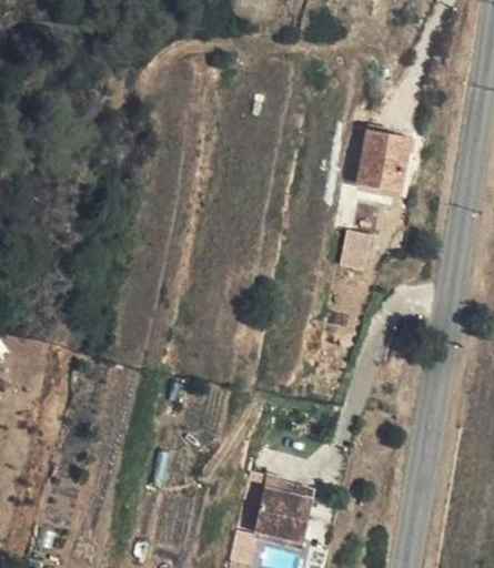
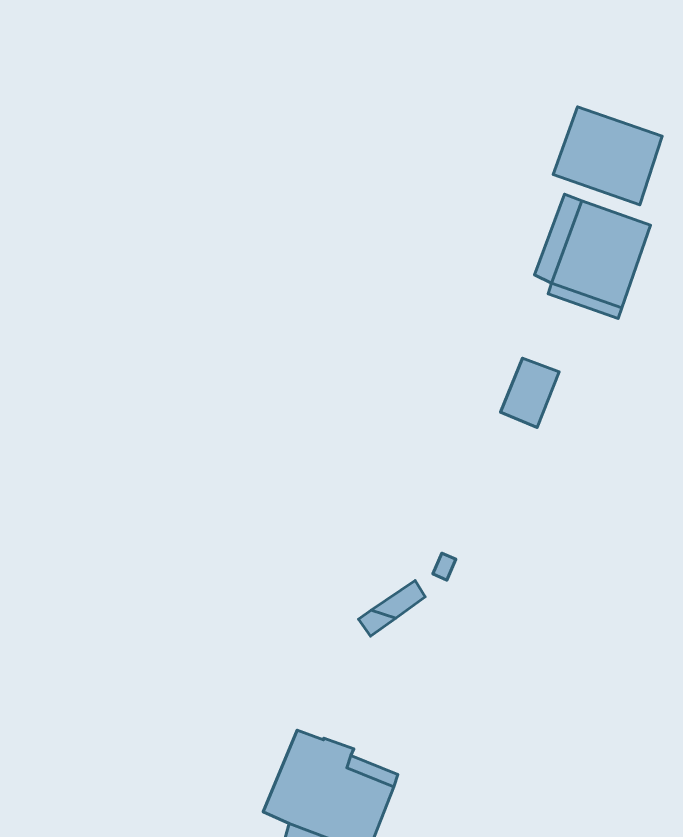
building: none -> [553,107,662,205]

